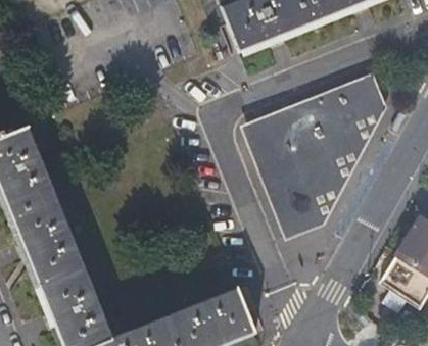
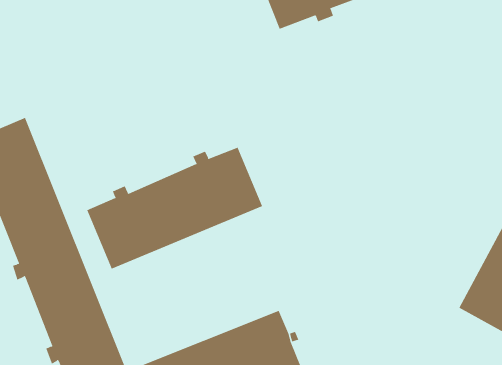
building: [246,80,381,234] -> none
building: none -> [86,147,263,270]

